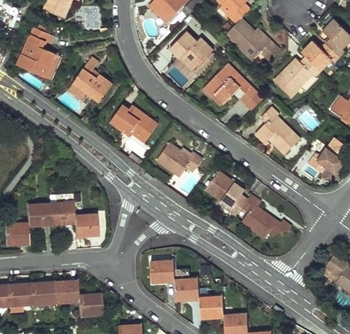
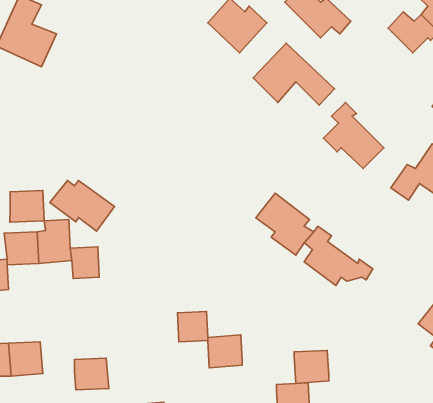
building: [276,56,321,96] -> none
building: [68,59,113,104] -> none
building: [112,107,159,144] -> [50,180,114,231]
building: [158,144,204,178] -> none
building: none -> [10,191,44,222]
building: [50,280,75,304] -> none
building: [197,294,222,318] -> [294,351,329,384]

